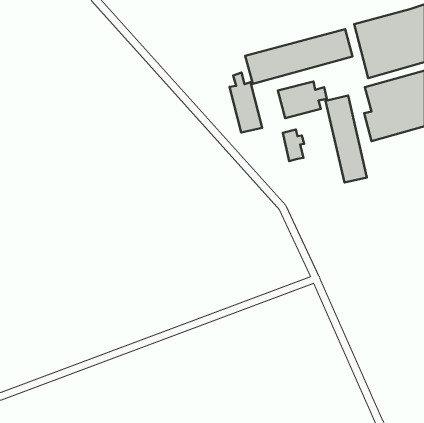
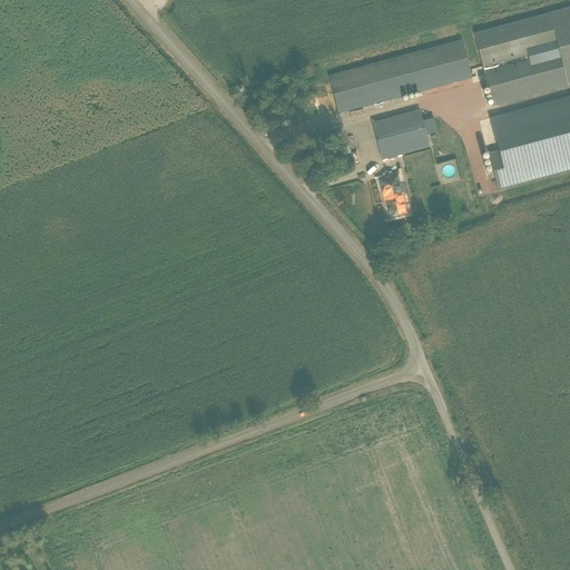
building: [230,73,262,133] -> none
building: [325,95,367,183] -> none

